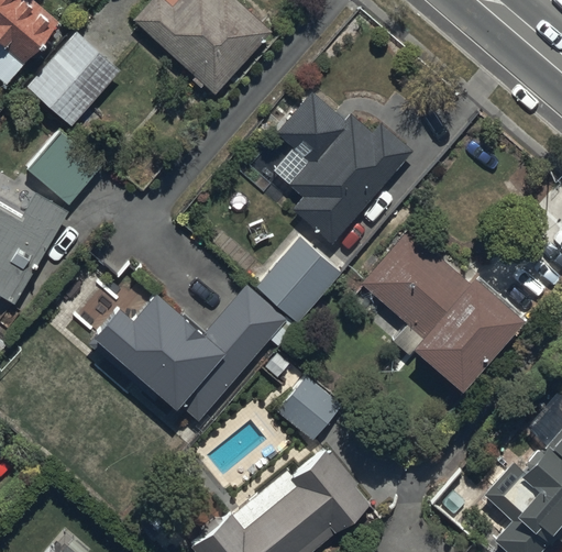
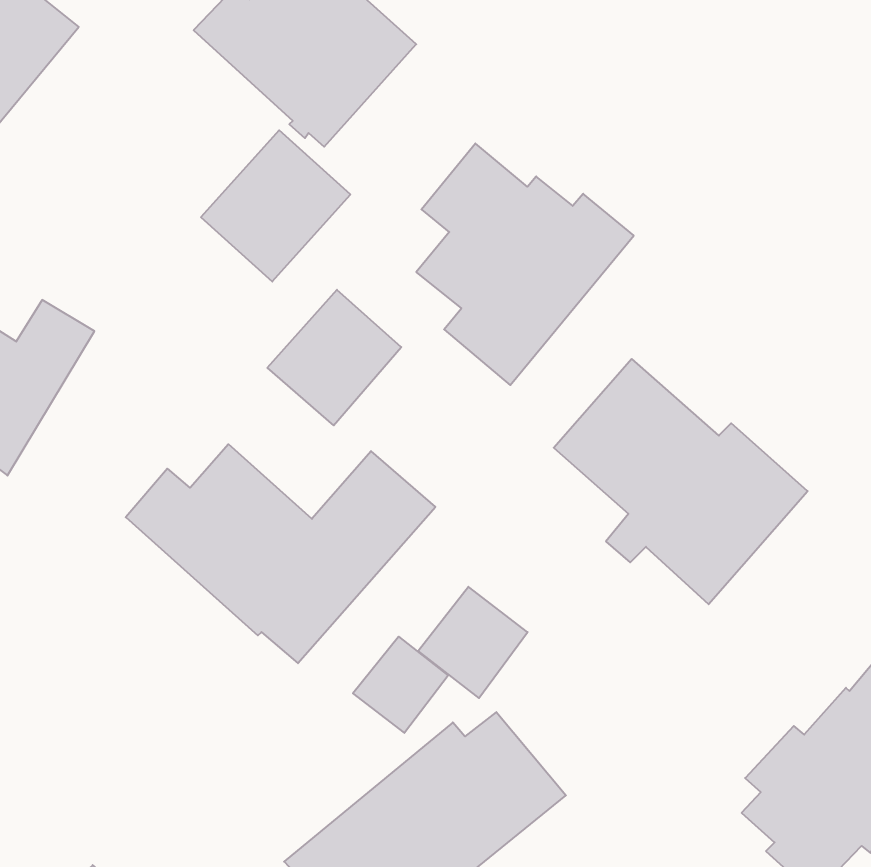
building: [26,32,121,128] -> [201,130,350,282]
building: [29,137,102,210] -> none
building: [255,238,340,323] -> [267,290,401,425]
building: none -> [353,637,448,733]

